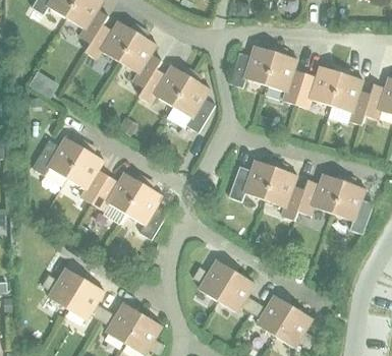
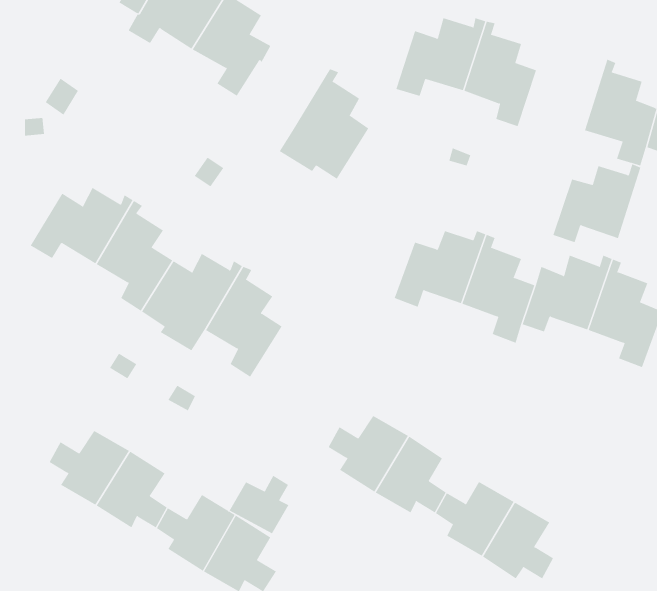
building: [139,65,194,106] -> none
building: [296,65,344,108] -> [553,164,641,243]
building: none -> [229,475,289,534]

